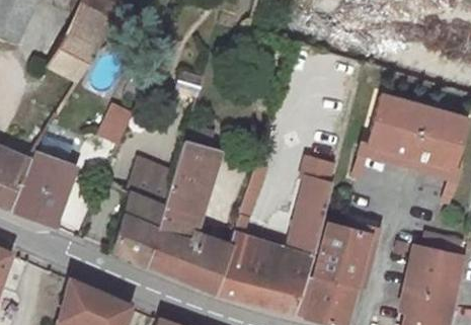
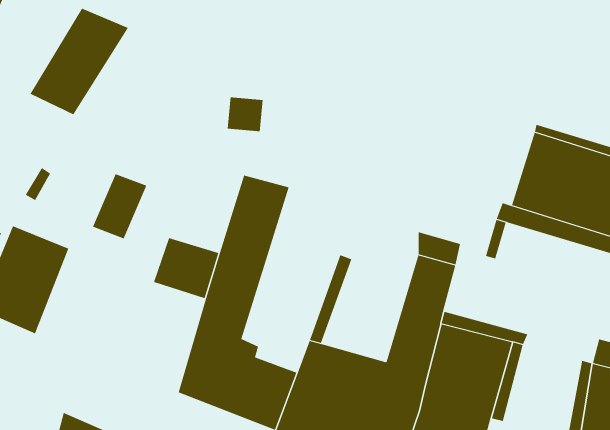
building: [110,193,165,266] -> none

